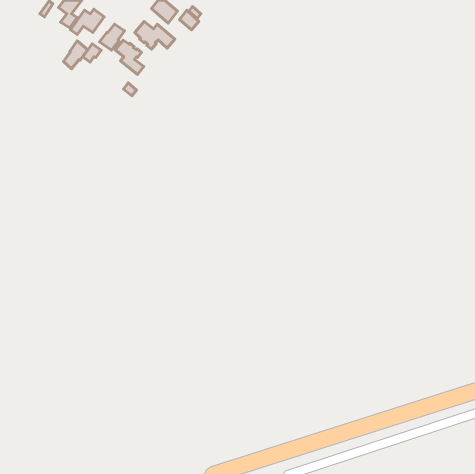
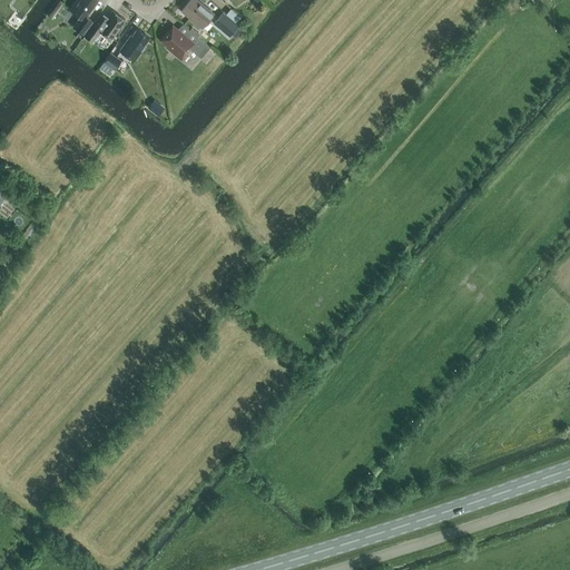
building: [115,40,144,74] -> none
building: [63,41,88,69] -> none

